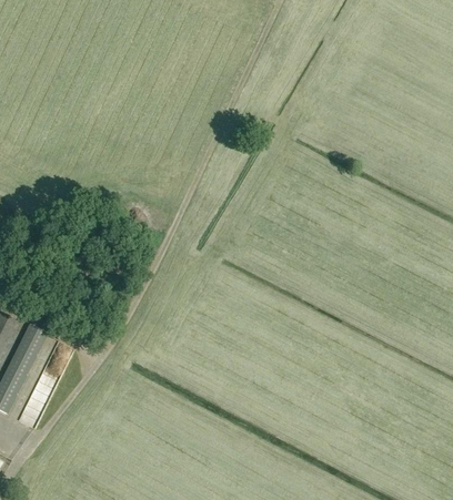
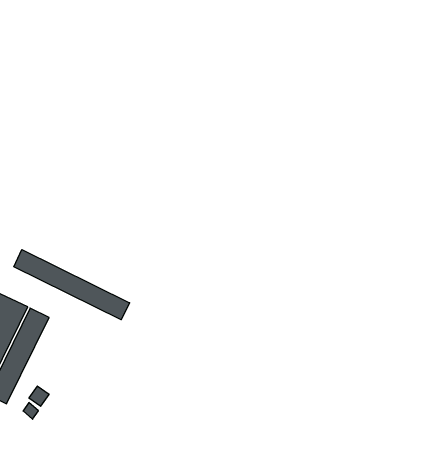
building: none -> [14,250,130,320]

